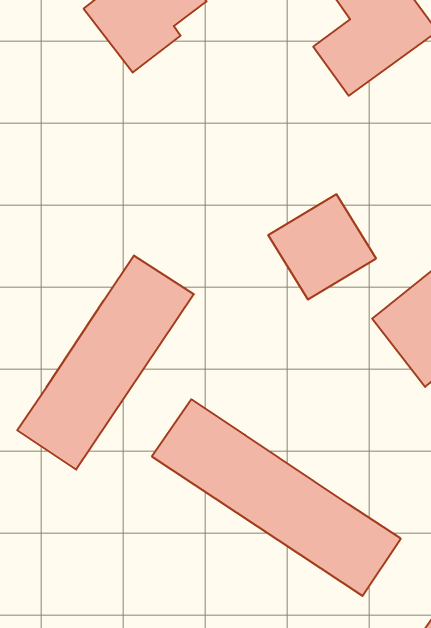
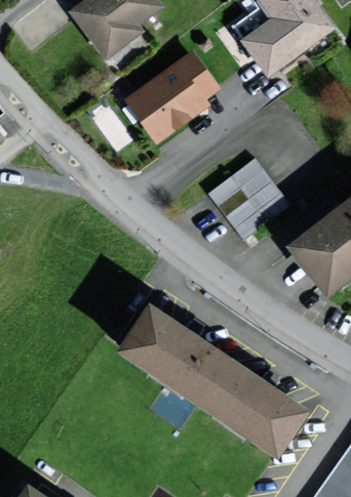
building: none -> [124,51,222,146]
building: [17,255,194,470] -> none

